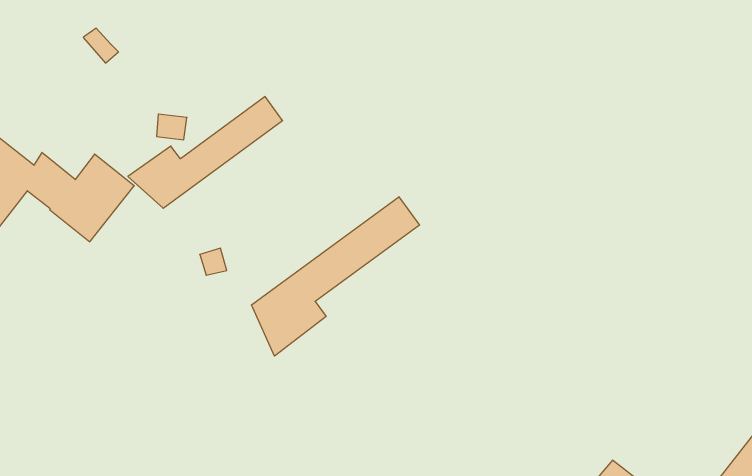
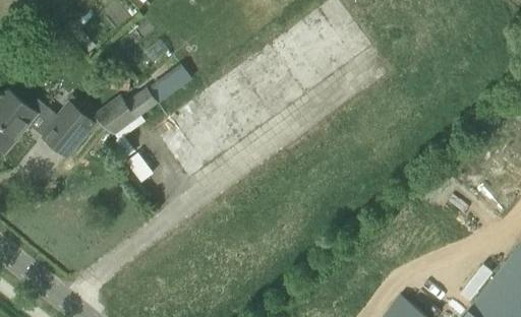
building: [251,197,420,356] -> none

